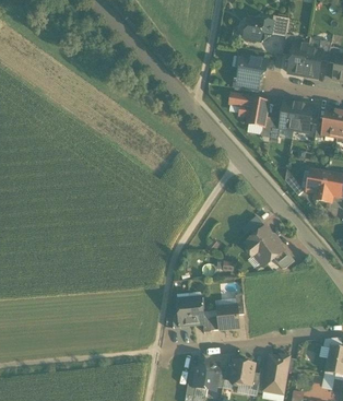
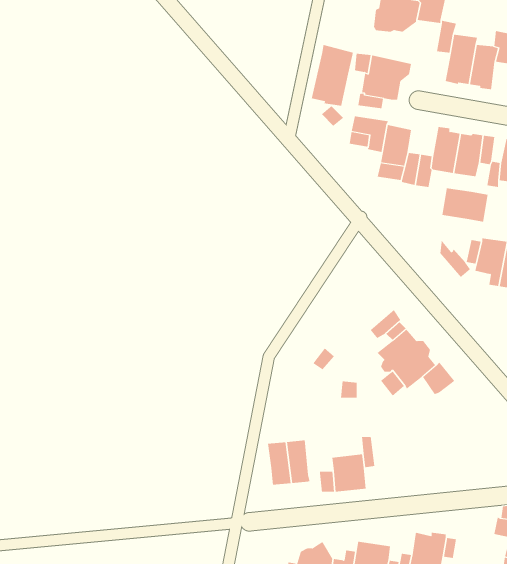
building: none -> [311,44,353,107]
building: none -> [442,187,488,222]

